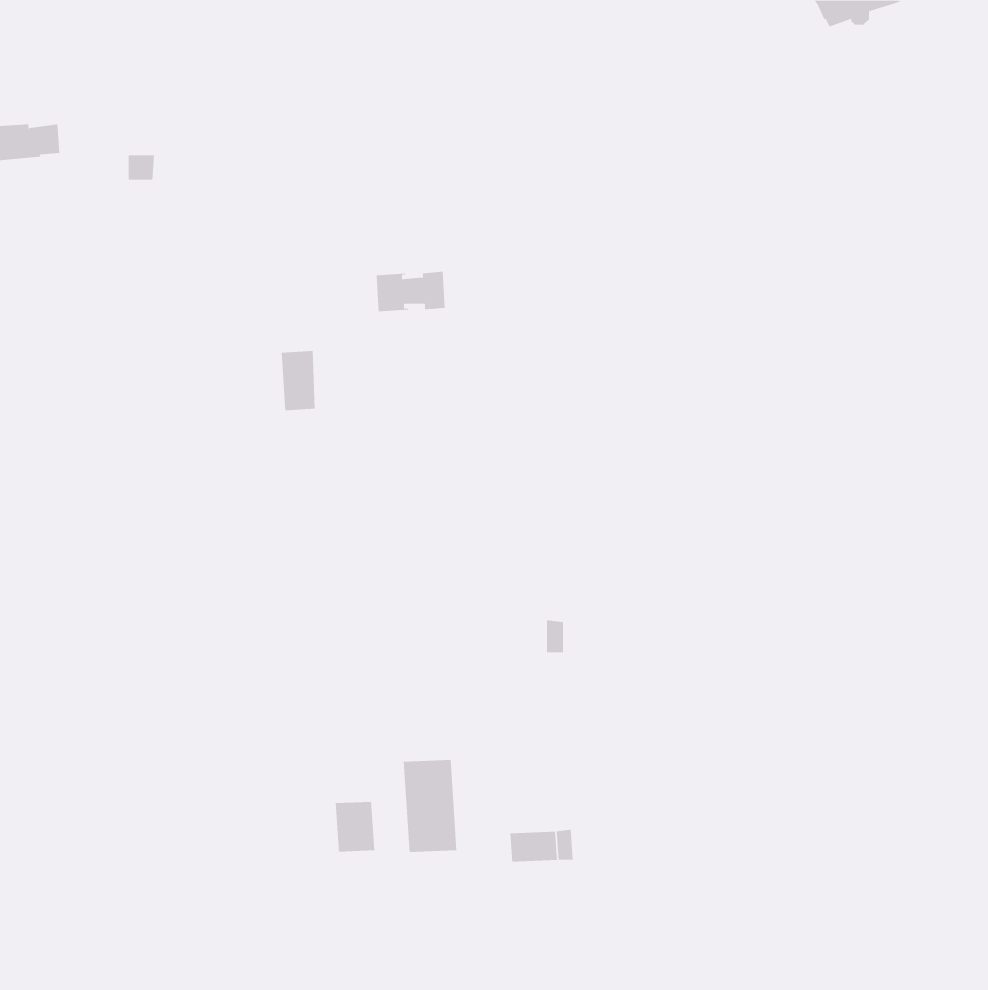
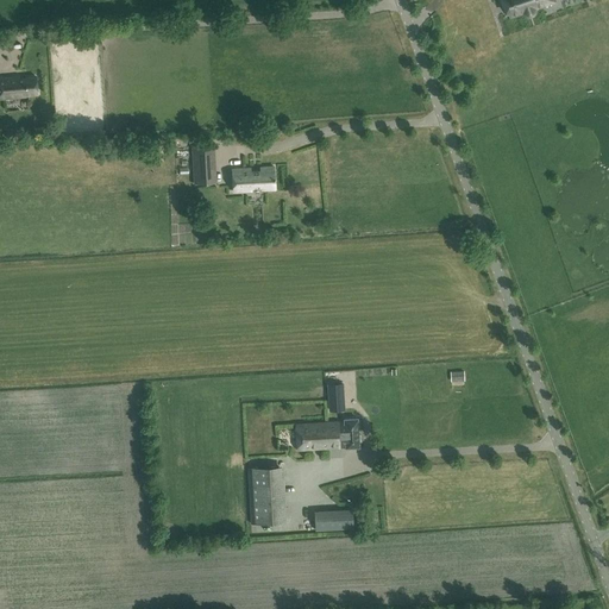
building: [281,351,316,411] -> [192,147,213,184]
building: none -> [295,419,358,450]
building: [335,801,375,852] -> none

